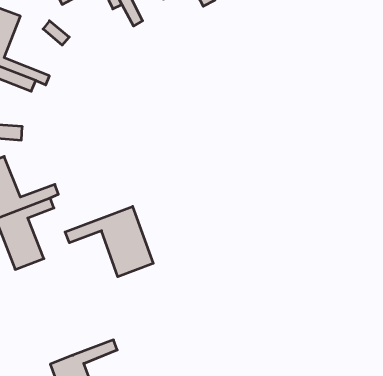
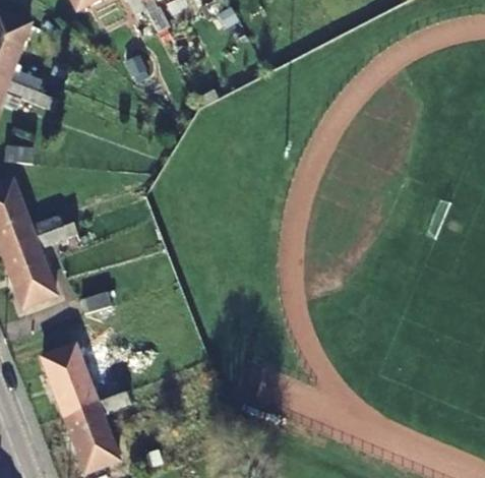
building: [65,206,153,277] -> none
building: none -> [43,345,135,415]

